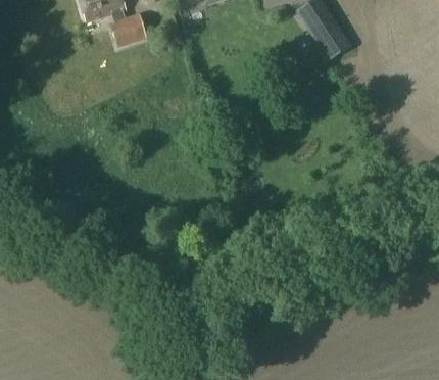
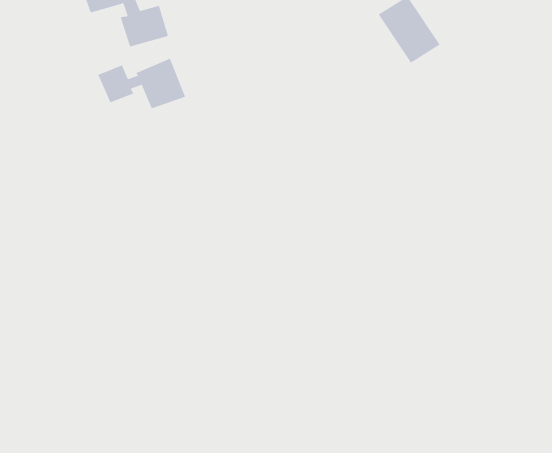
building: none -> [98,58,186,109]

